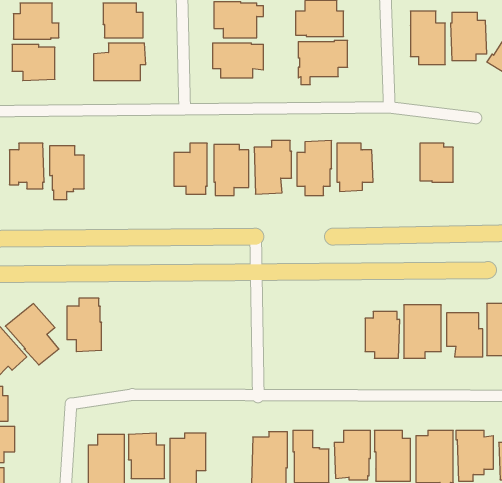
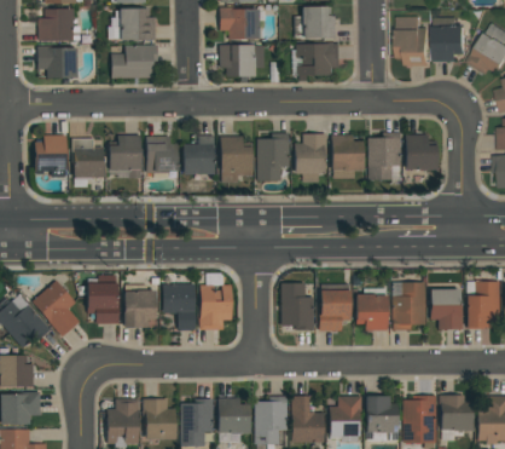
building: none -> [367,133,401,180]
building: none -> [109,134,140,178]
building: none -> [146,136,178,179]
building: none -> [199,274,232,329]
building: none -> [162,283,195,329]
building: none -> [280,283,314,330]
building: none -> [123,284,156,328]
building: none -> [319,290,350,332]
building: none -> [217,398,249,434]

